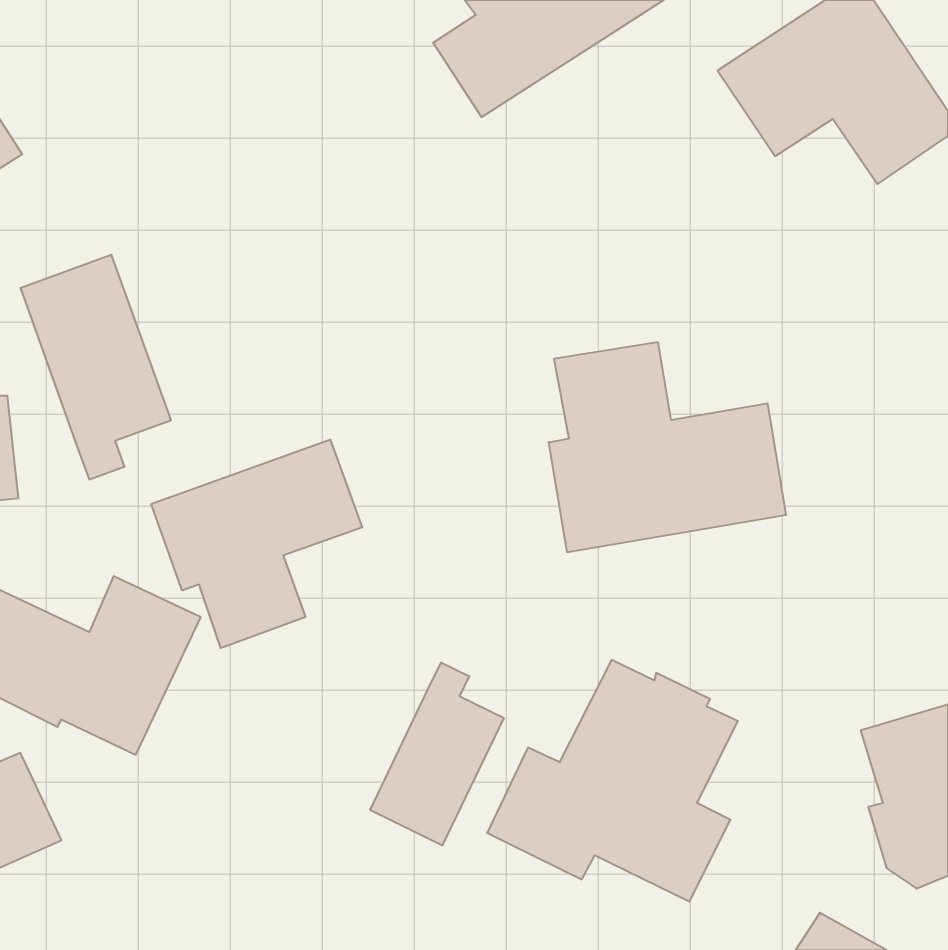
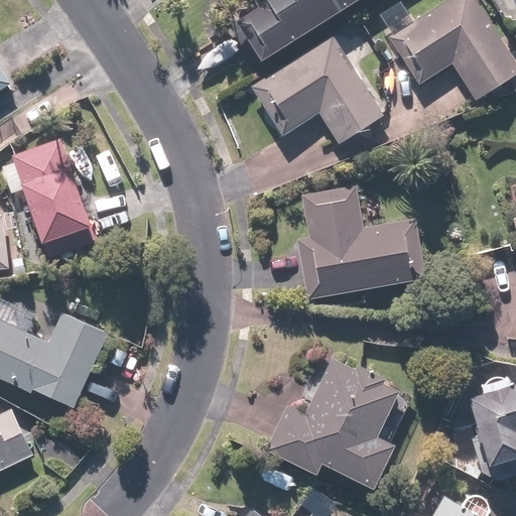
building: none -> [250,35,385,146]
building: [151,440,362,648] -> none
building: [370,662,504,846] -> none

